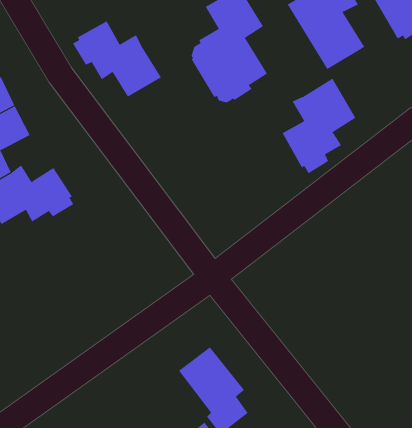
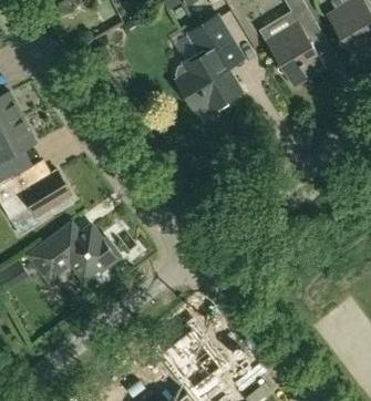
building: [72,21,162,97] -> none
building: [282,77,356,174] -> none
building: none -> [31,229,120,282]

